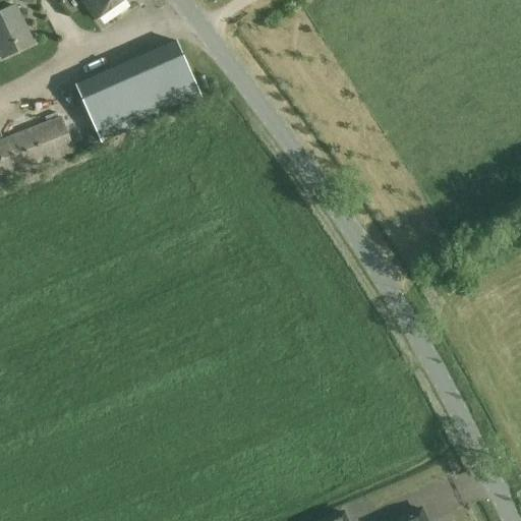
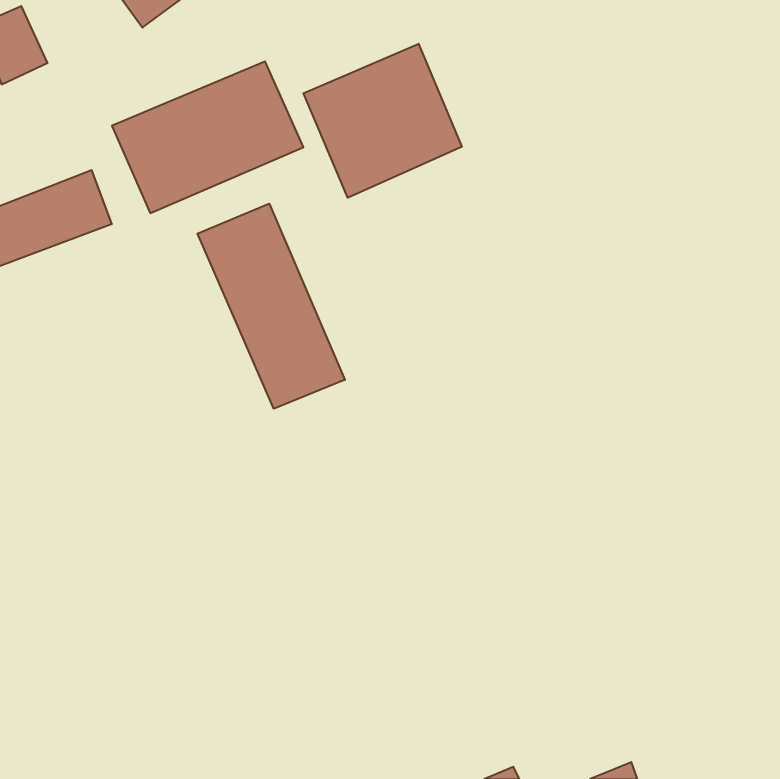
building: none -> [303,44,462,198]
building: none -> [197,204,345,409]

